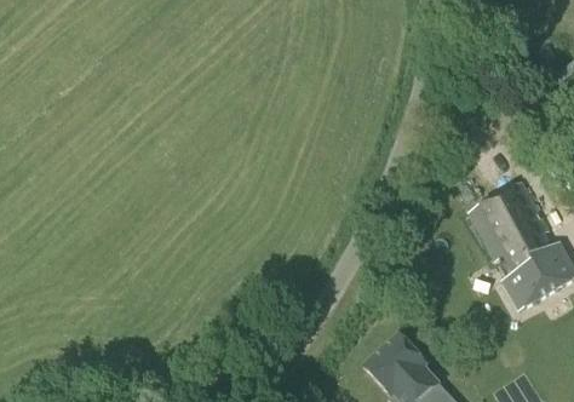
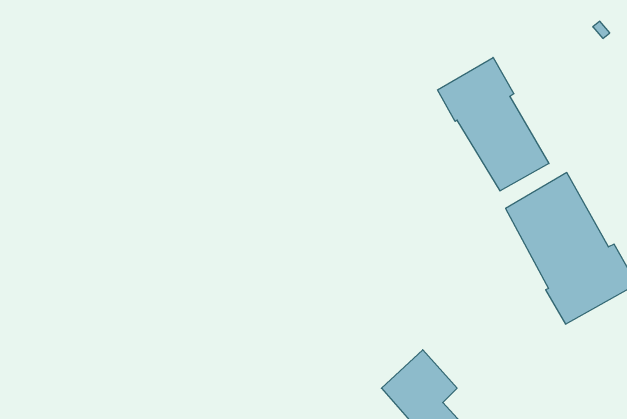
building: none -> [438,57,549,191]

